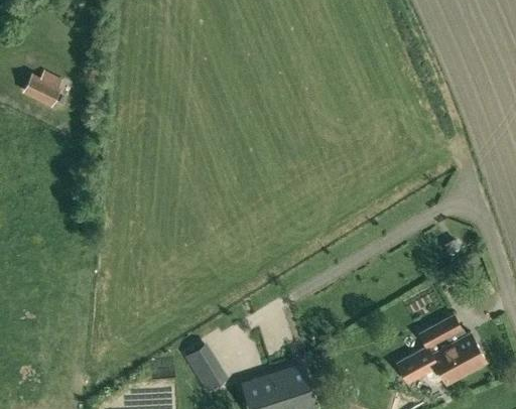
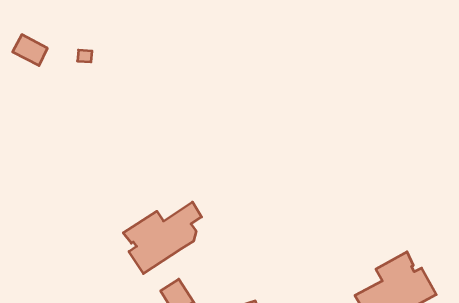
building: none -> [123,202,202,274]

